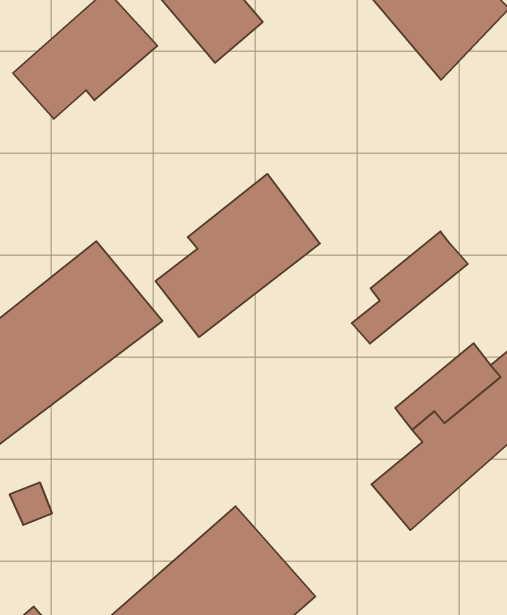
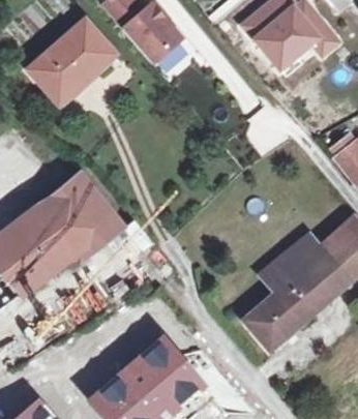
building: [156,174,320,337] -> none
building: [352,231,468,344] -> none

